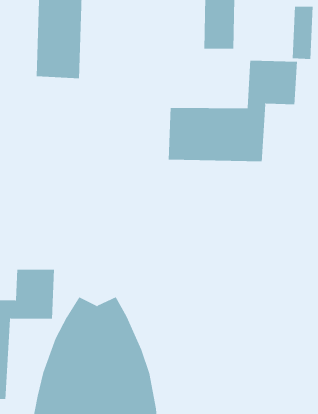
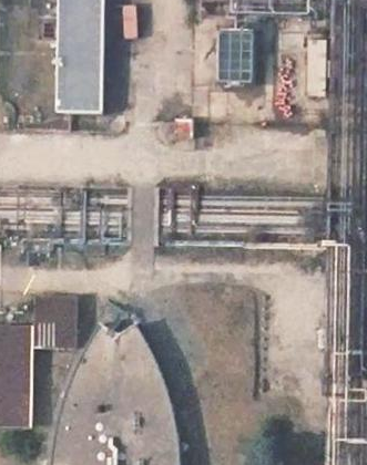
building: [168,60,298,162] -> none

